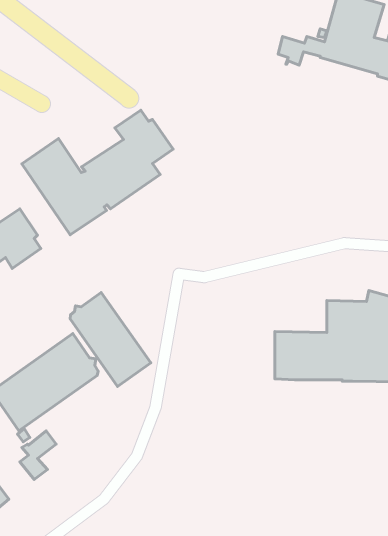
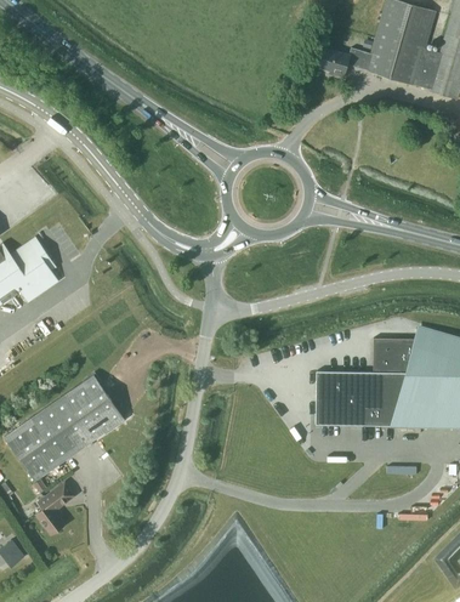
building: [22,110,173,235] -> none
building: [70,292,151,386] -> none

